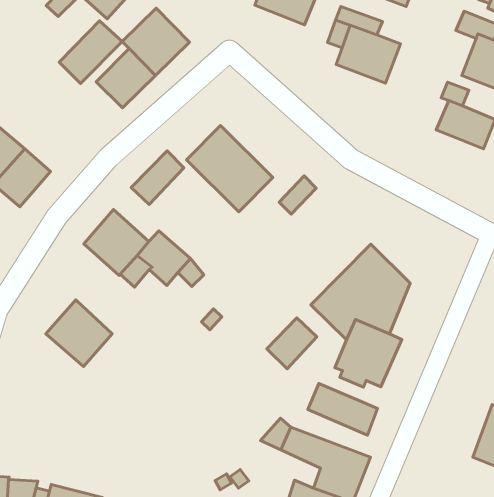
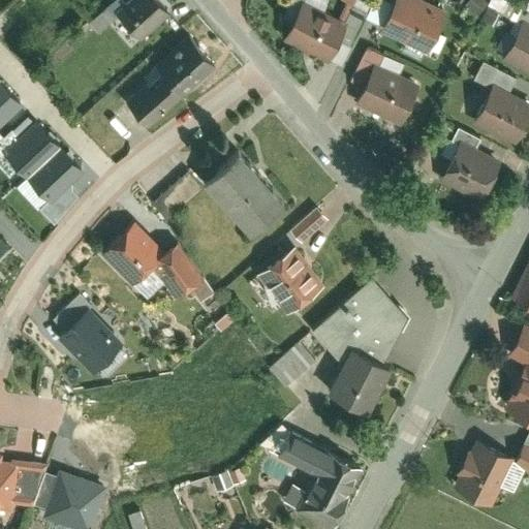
building: [59,21,122,83] -> none
building: none -> [257,245,325,314]
building: none -> [55,292,93,329]
building: [308,384,378,435] -> none

